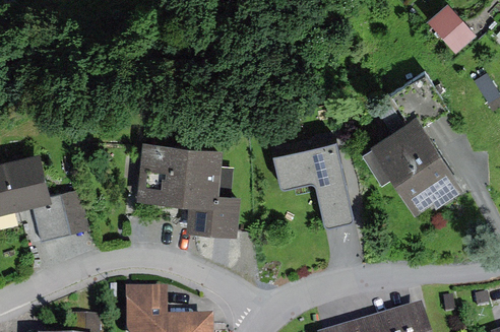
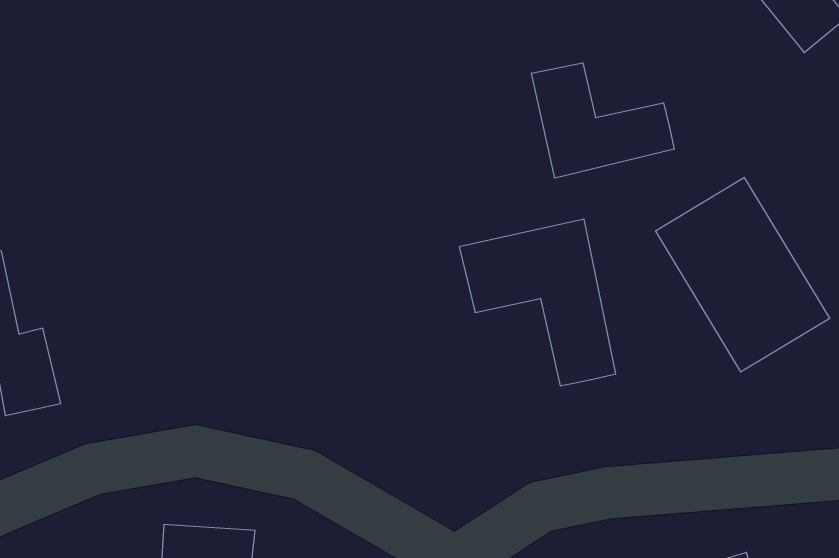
building: none -> [531,63,674,178]
building: [139,145,239,235] -> none

